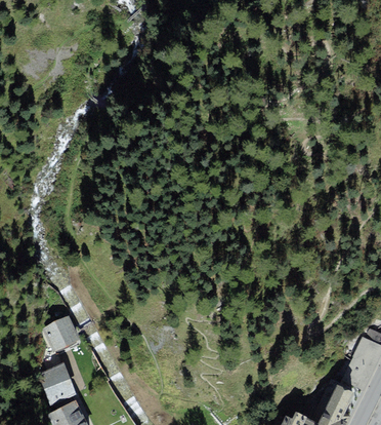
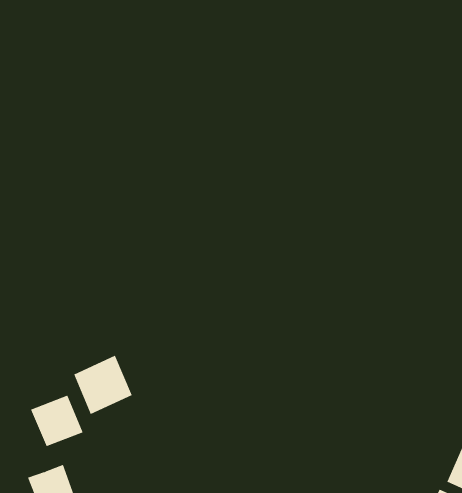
building: none -> [74,355,132,415]

